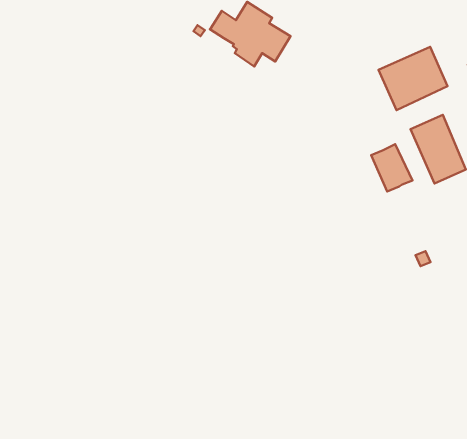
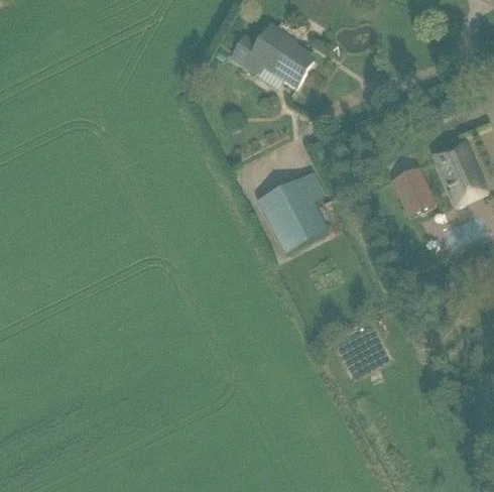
building: [378,47,448,110] -> none
building: none -> [257,170,329,252]

